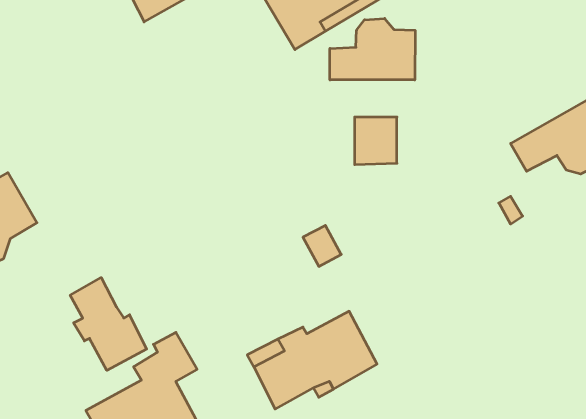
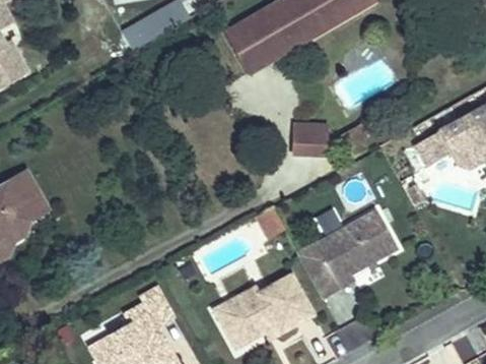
building: [330,18,415,80] -> none
building: none -> [297,209,398,297]
building: [70,278,147,370] -> none

